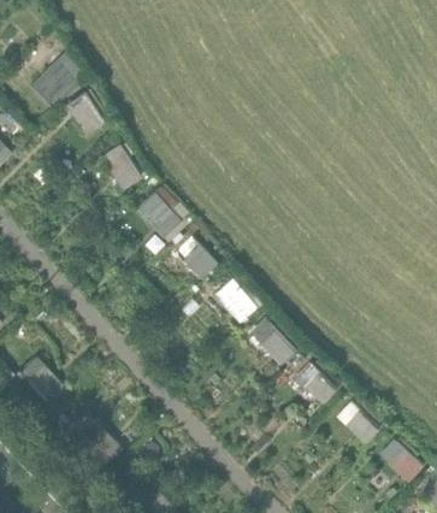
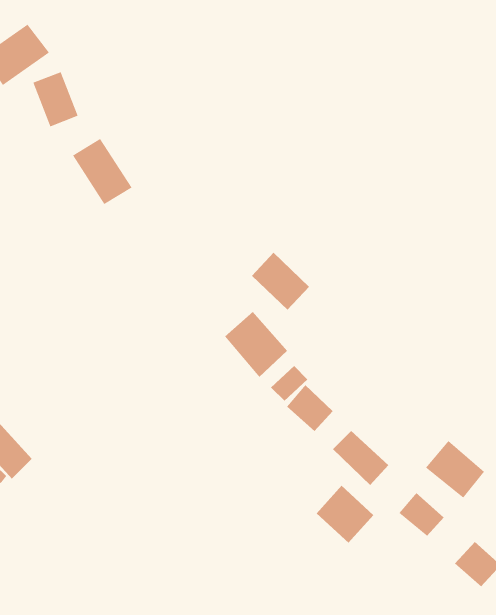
building: [135,188,188,253] -> none
building: [173,234,218,278] -> [251,252,310,311]
building: none -> [425,440,485,499]
building: none -> [316,485,374,544]

